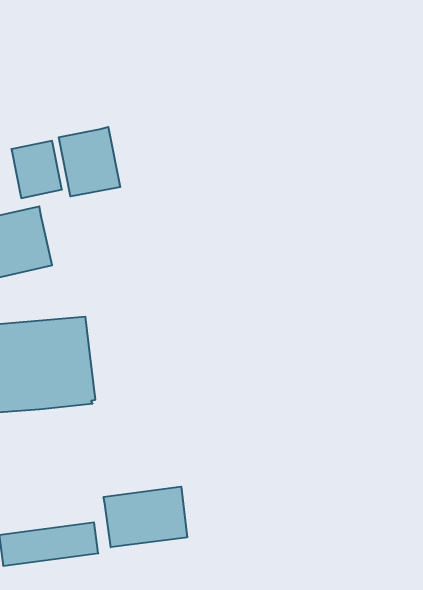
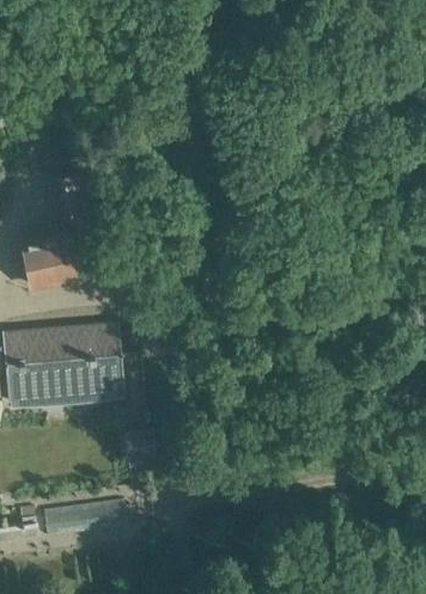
building: [59,127,120,196] -> none
building: [104,487,187,547] -> none

